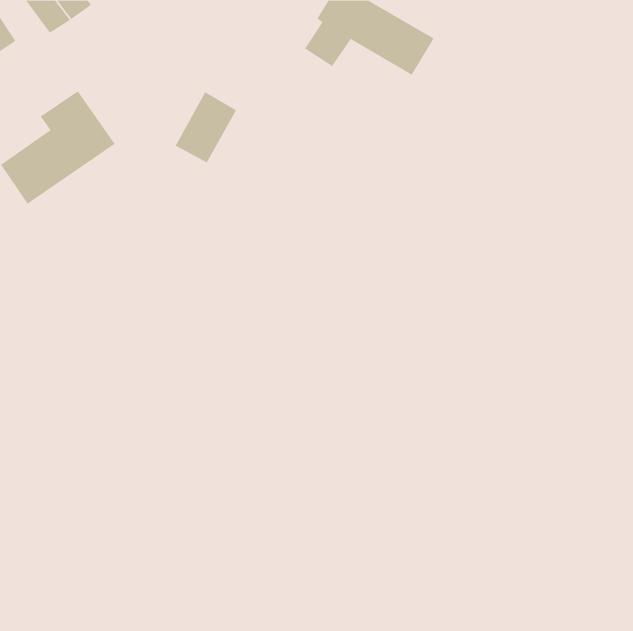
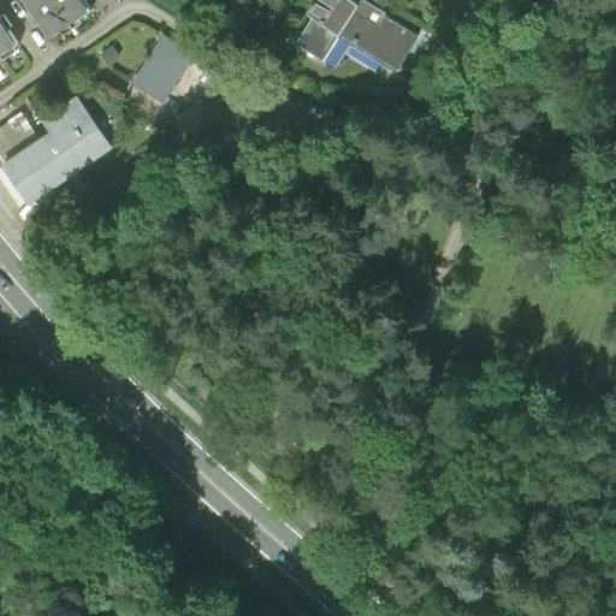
building: [175,91,237,163] -> [136,36,196,106]

